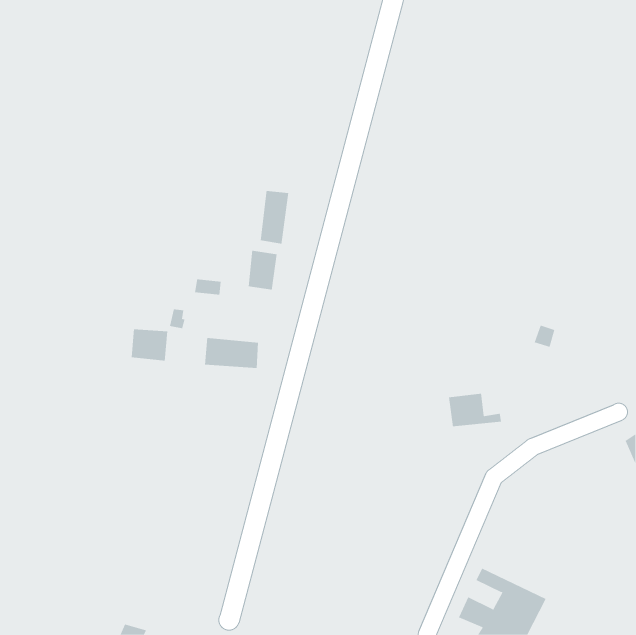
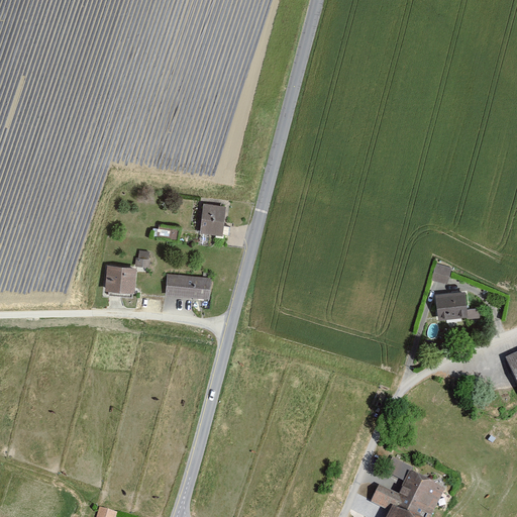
building: [260,190,289,244] -> none
building: [448,393,502,427] -> [437,292,481,319]

